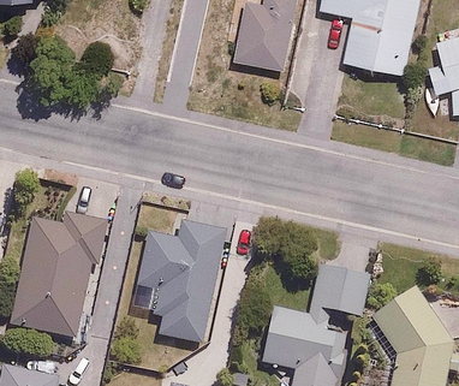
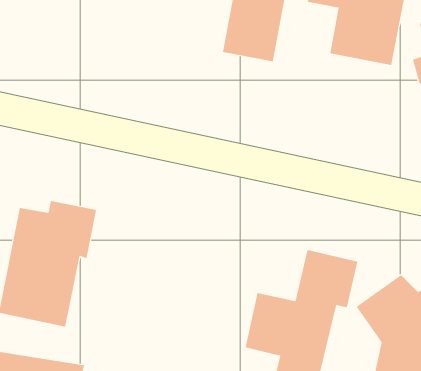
building: [126,222,223,348] -> none

